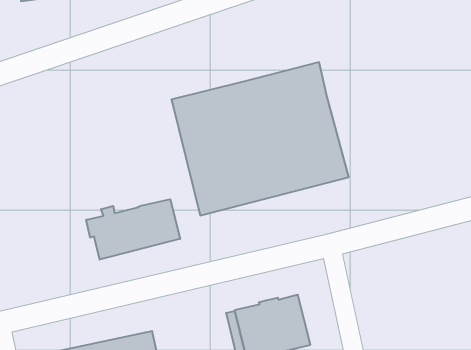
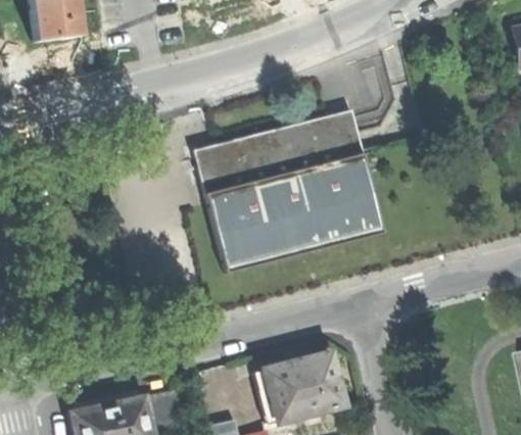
building: [86,199,180,260] -> none

